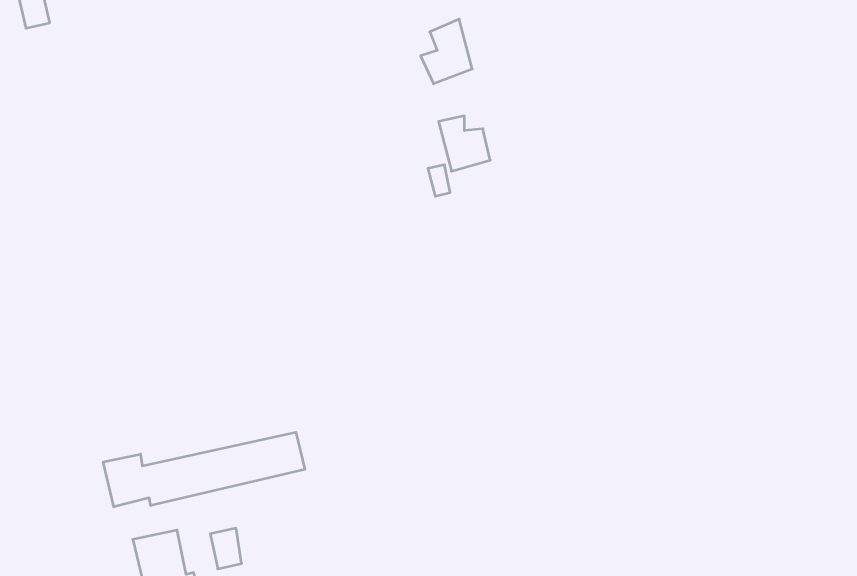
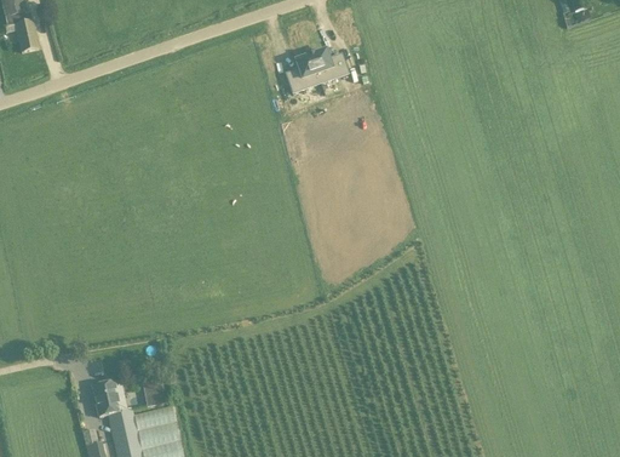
building: [439,116,490,171] -> [308,45,341,81]
building: [103,432,305,507] -> none

